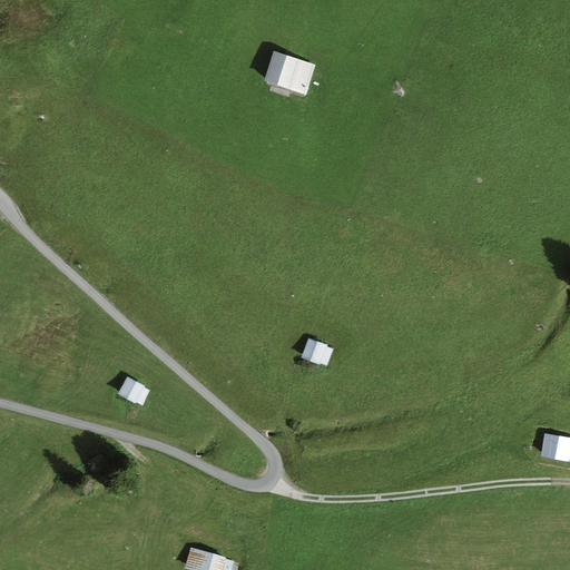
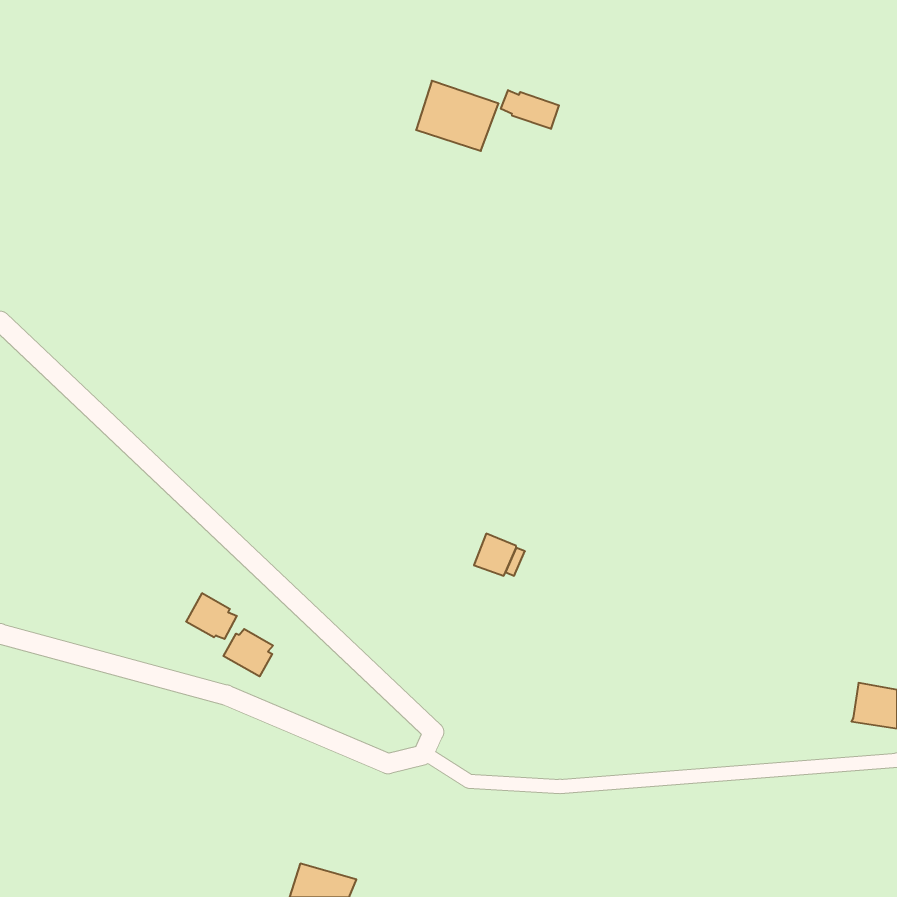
building: none -> [501,90,559,129]
building: none -> [223,629,273,676]

